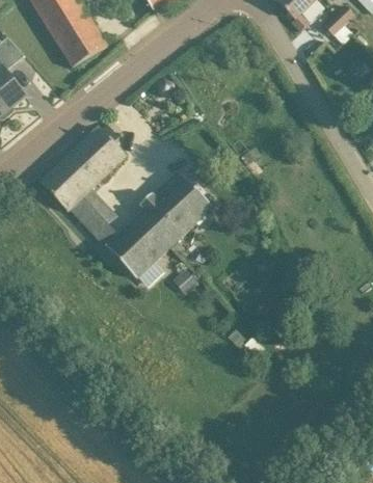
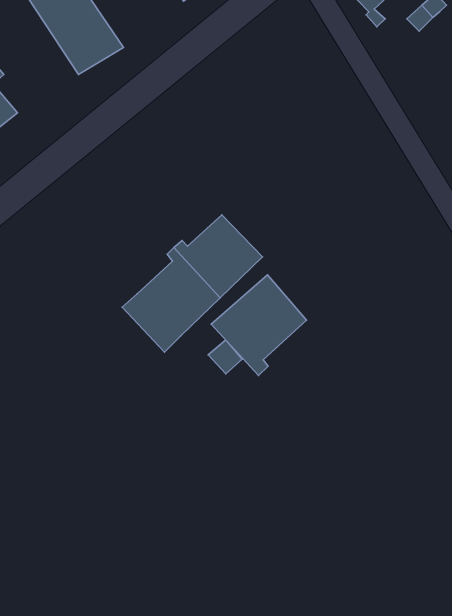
building: [42,127,127,244] -> none
building: none -> [211,275,307,376]

